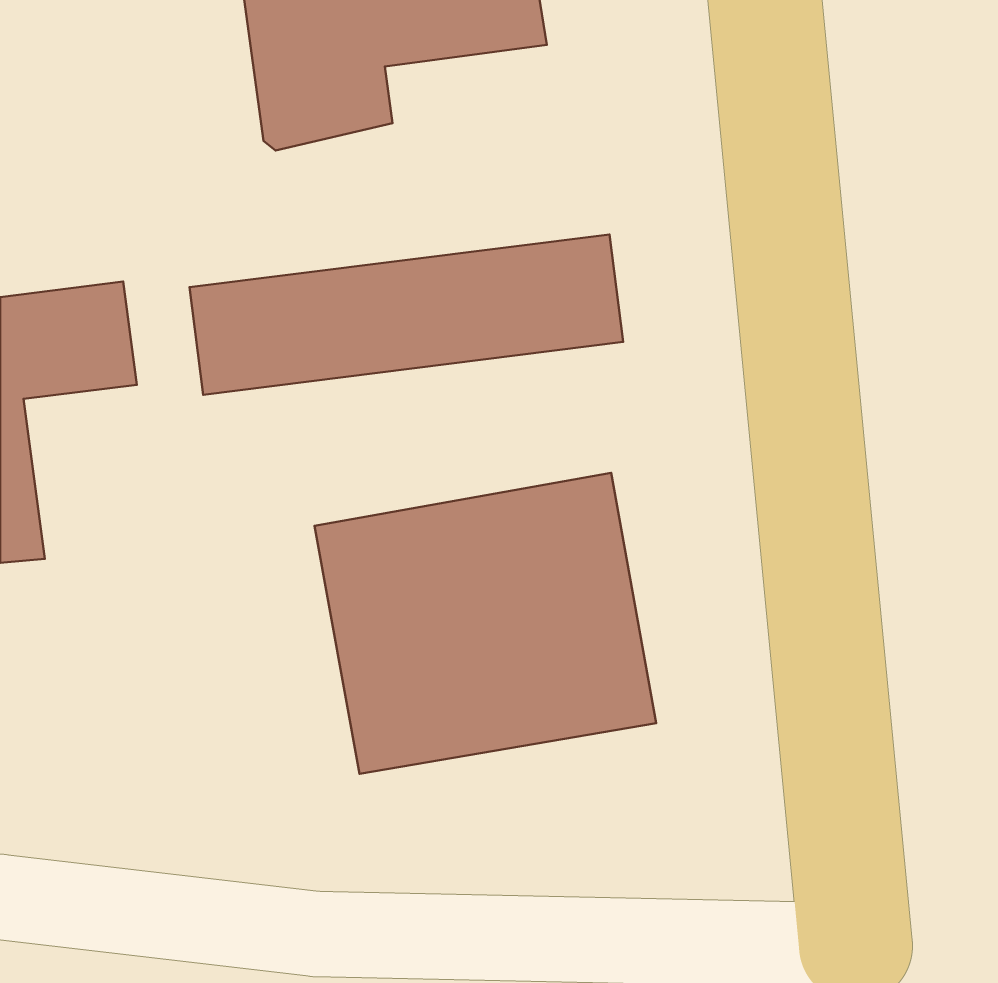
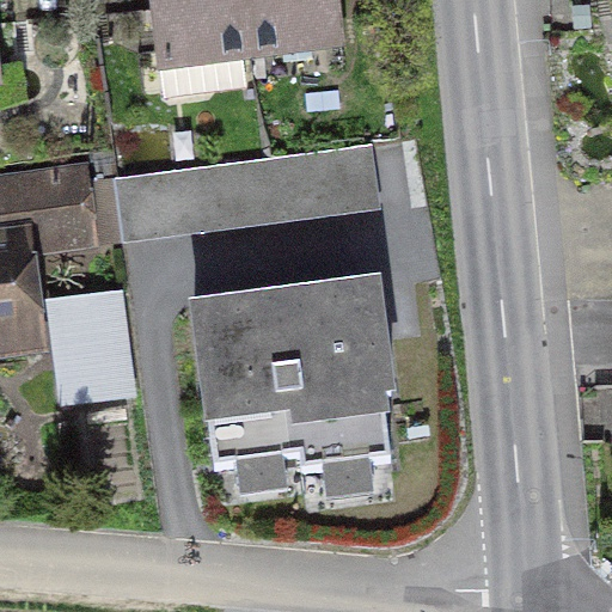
building: none -> [45,289,135,405]

